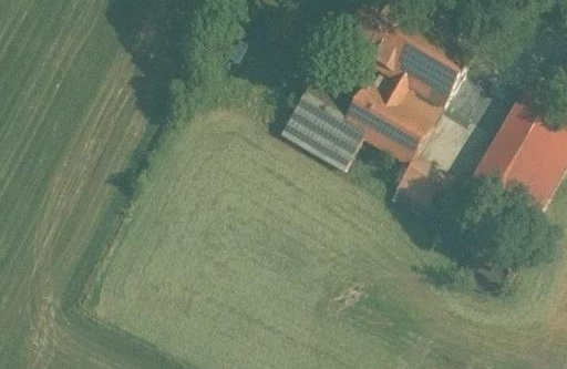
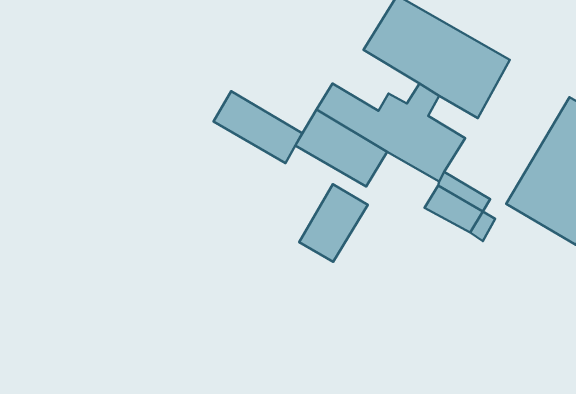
building: none -> [213,91,302,163]
building: none -> [299,184,368,262]

